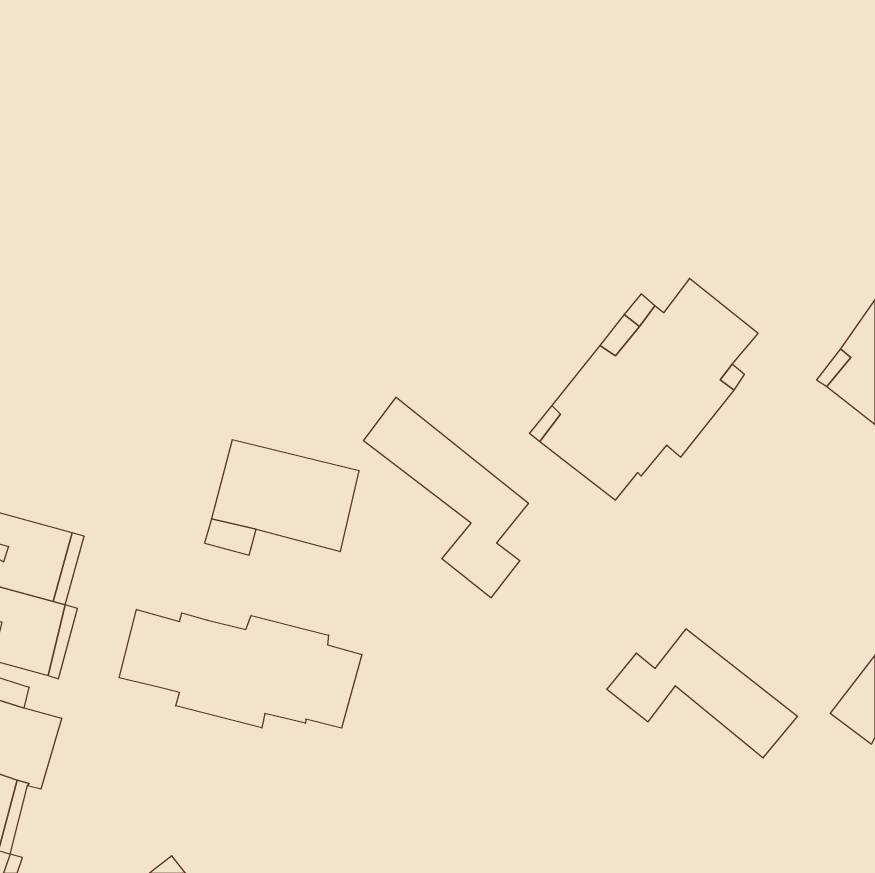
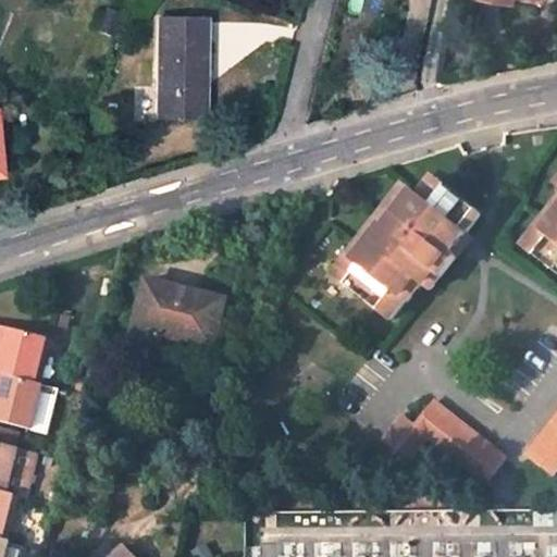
building: none -> [153,15,205,115]
building: [364,397,528,598] -> none
building: [119,609,362,728] -> none

